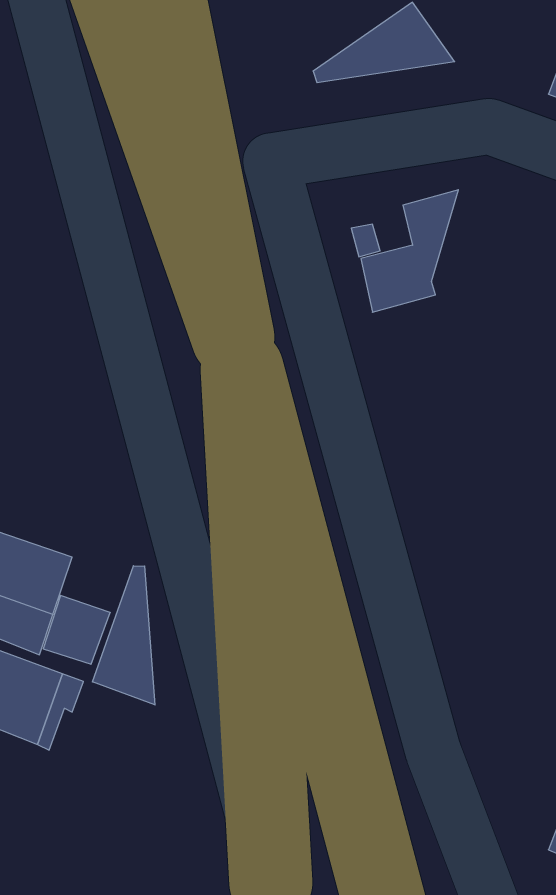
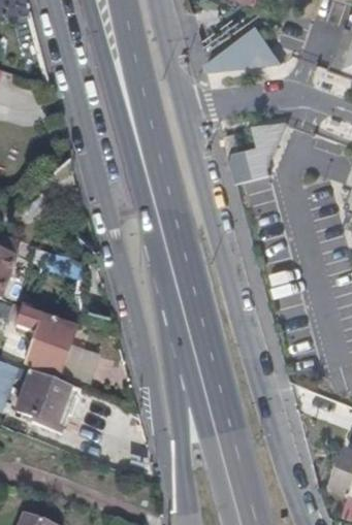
building: [92,566,155,705] -> none

